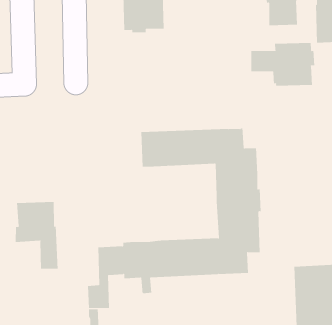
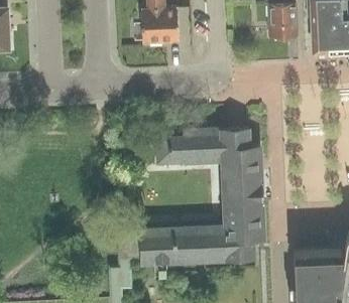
building: [251,42,315,86] -> none
building: [15,201,58,269] -> none

